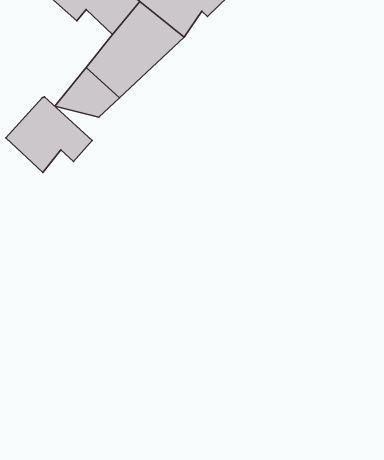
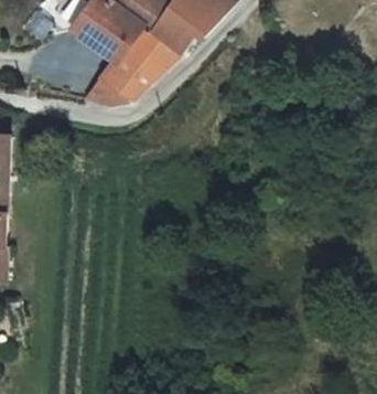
building: [6,97,92,173] -> none

